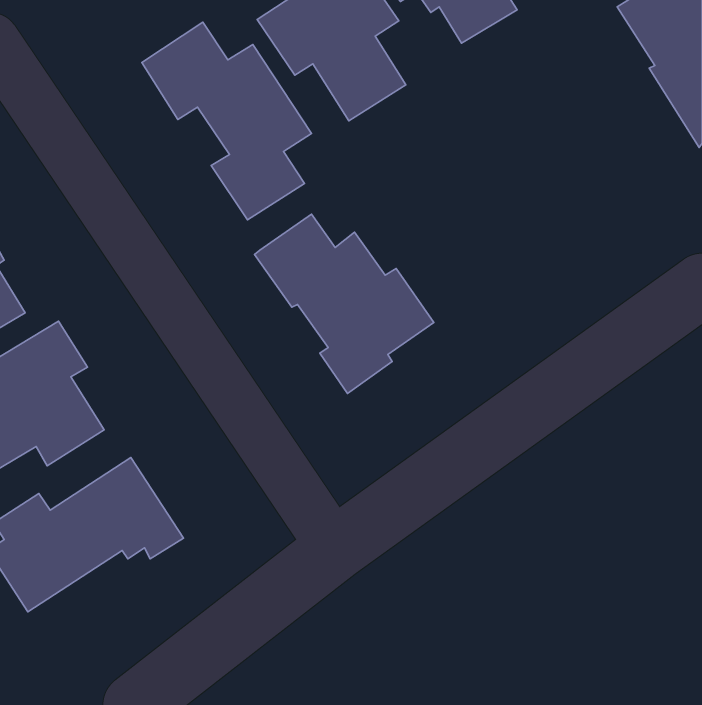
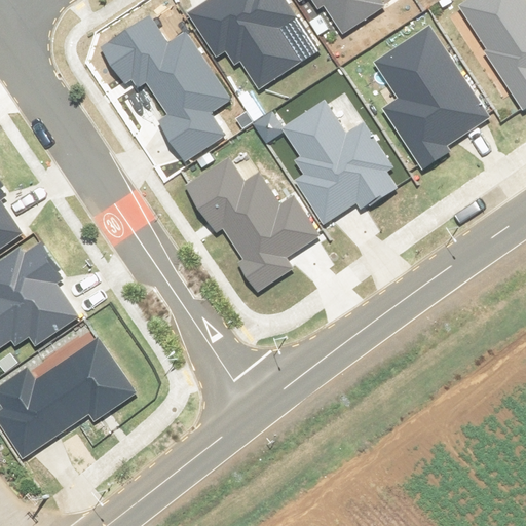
building: none -> [374,28,484,160]
building: none -> [281,102,396,226]

